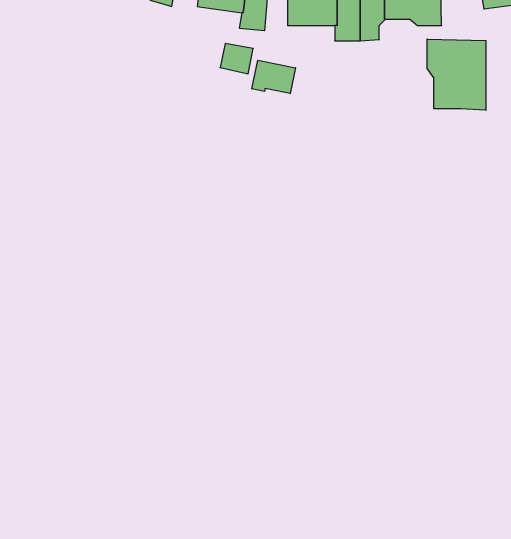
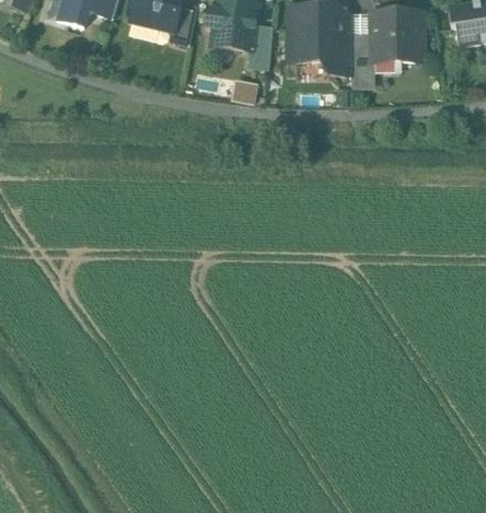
building: [427,39,486,110] -> none
building: [252,60,295,94] -> none

